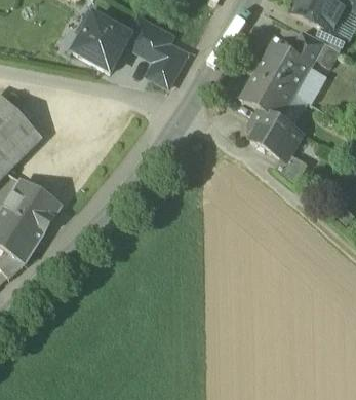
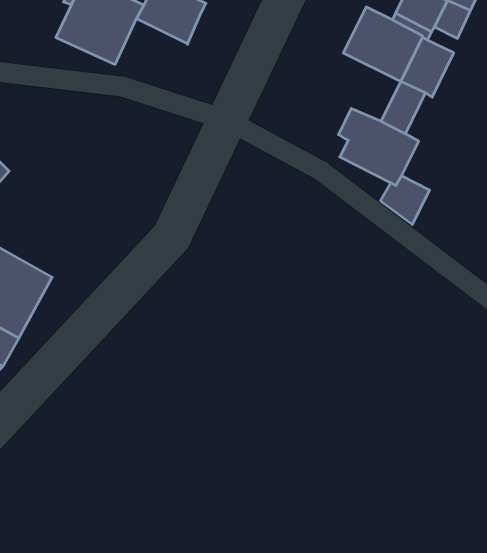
building: [147,41,186,84] -> none
building: [242,71,292,116] -> none

